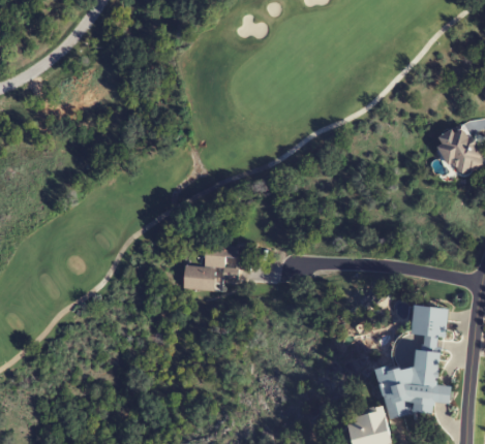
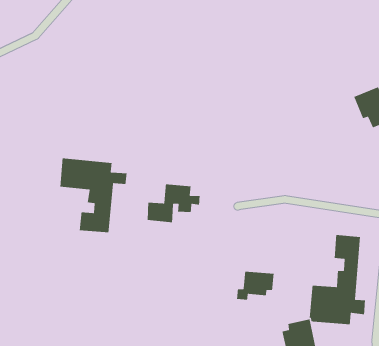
building: none -> [59,158,128,233]
building: none -> [236,271,274,300]

